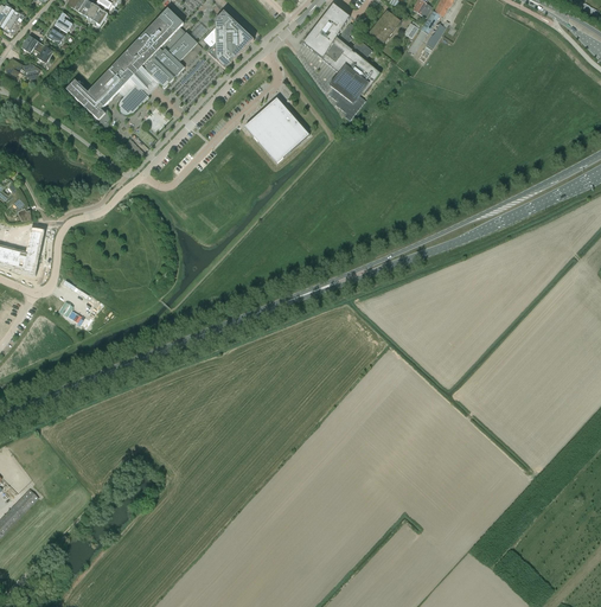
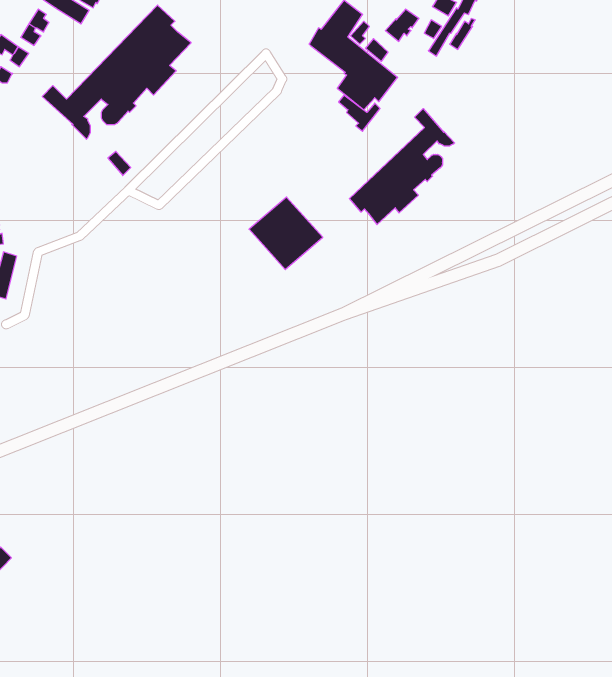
building: [202,9,252,68] -> none
building: [243,97,308,161] -> [249,197,323,270]
building: none -> [349,109,455,225]

